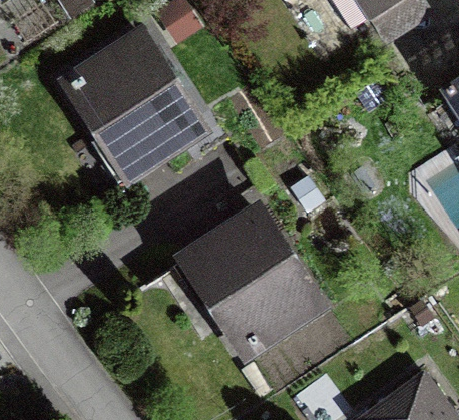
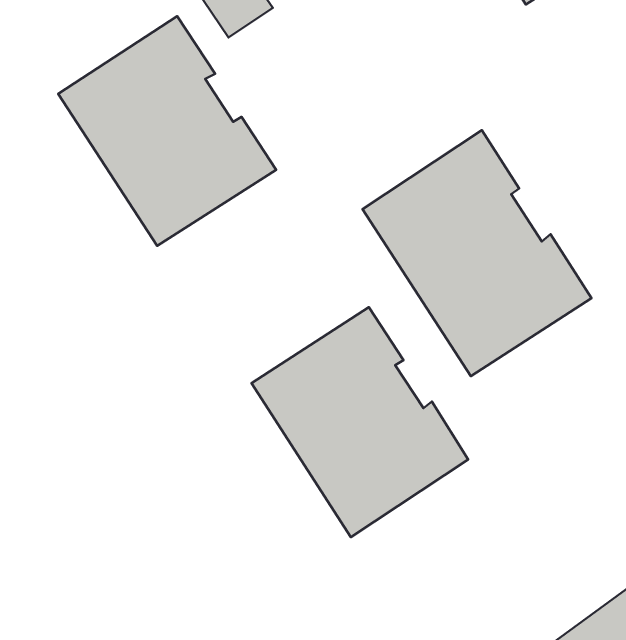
building: none -> [363,130,592,376]

